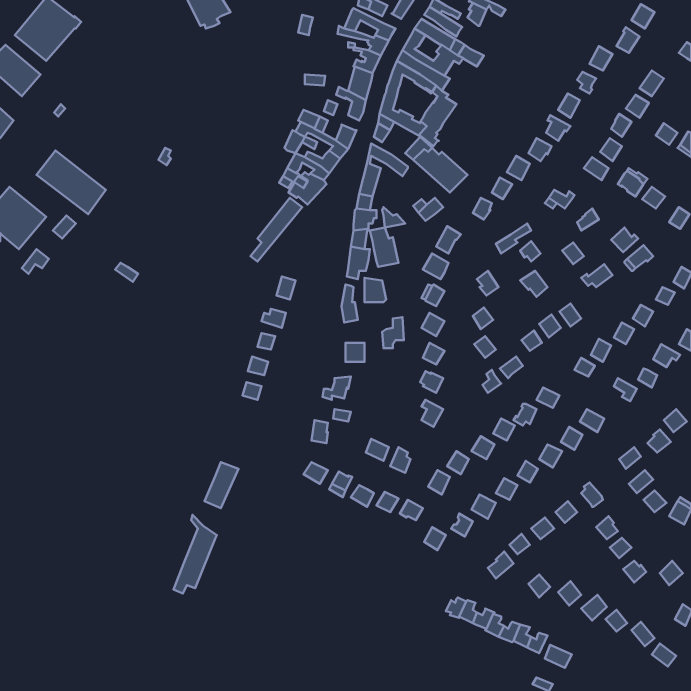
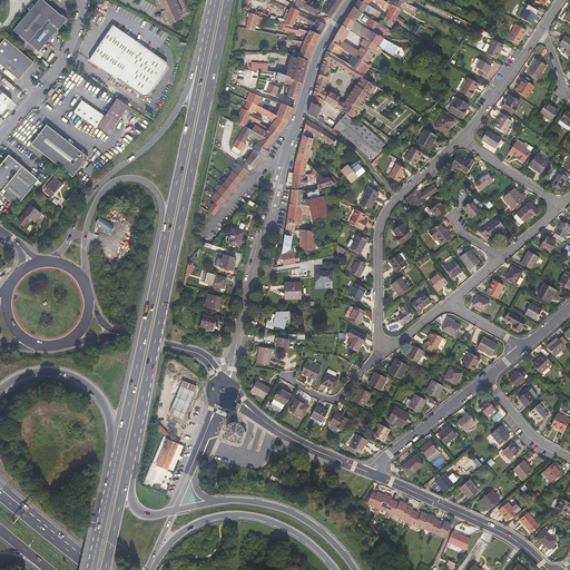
building: none -> [88,24,167,96]
building: none -> [72,97,128,134]

